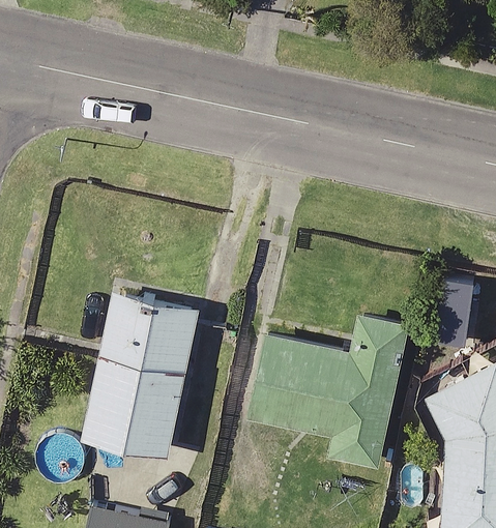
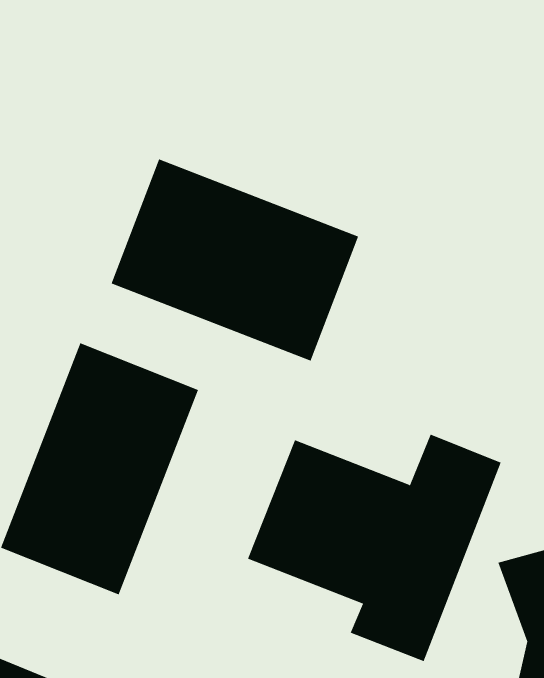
building: none -> [111,158,359,362]

